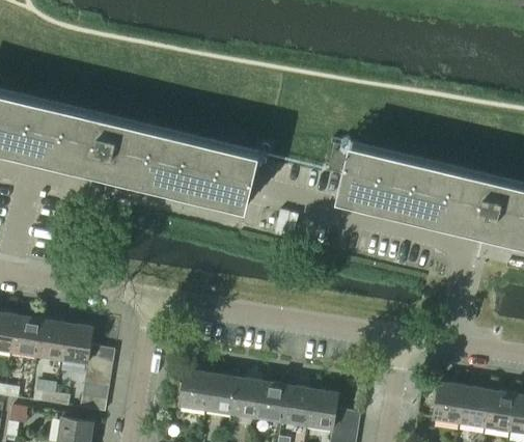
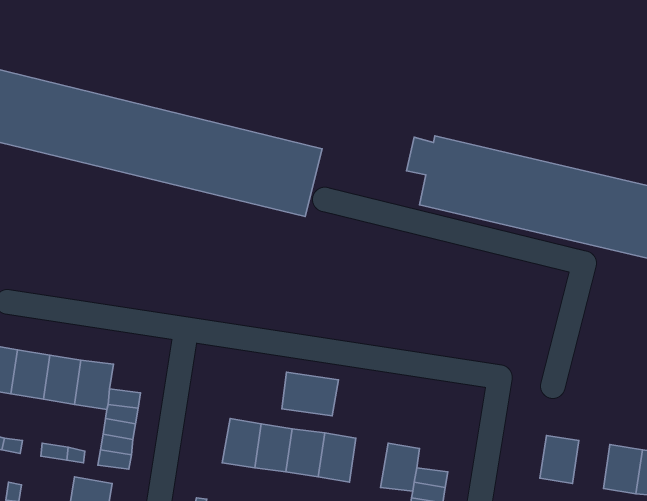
building: none -> [282,372,338,416]
building: [281,388,312,427] -> none
building: [460,390,490,429] -> none

